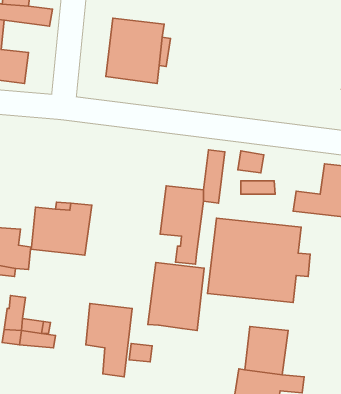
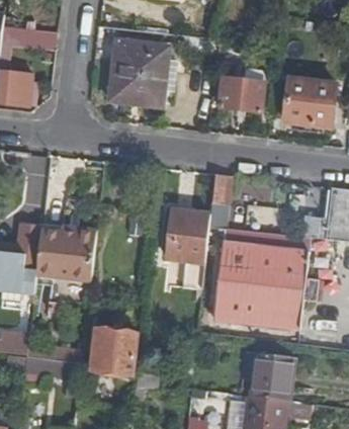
building: none -> [219,76,263,113]
building: none -> [283,79,336,127]
building: [148,262,204,331] -> none

